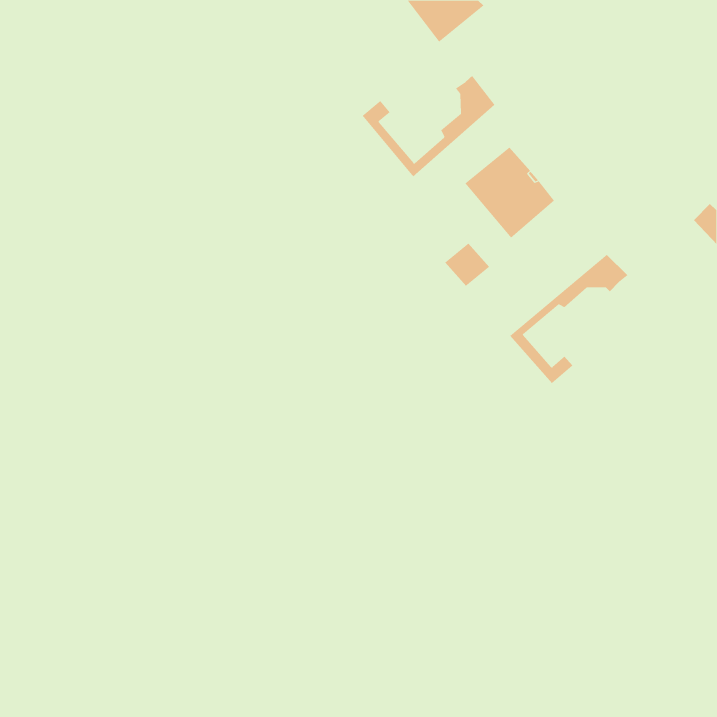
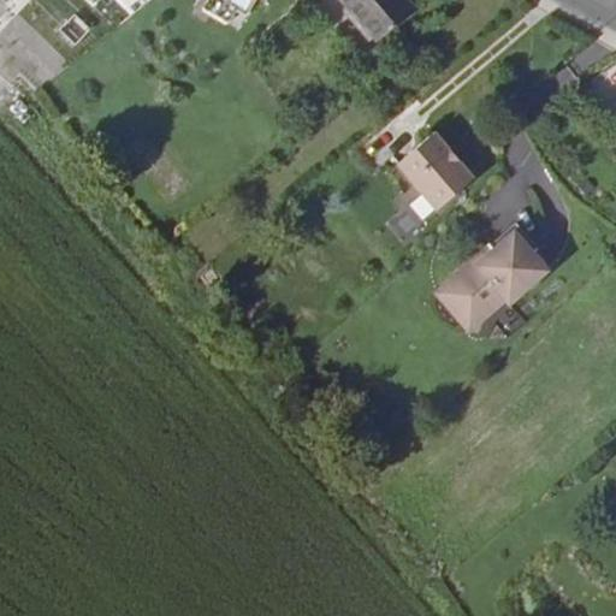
building: [362,75,495,177] -> none
building: none -> [446,244,551,316]

